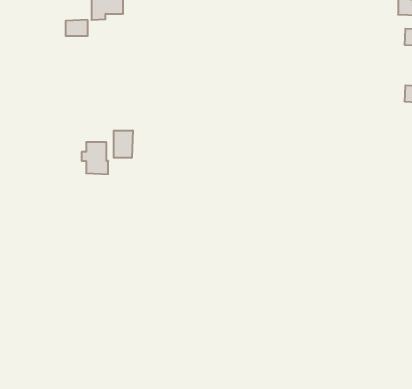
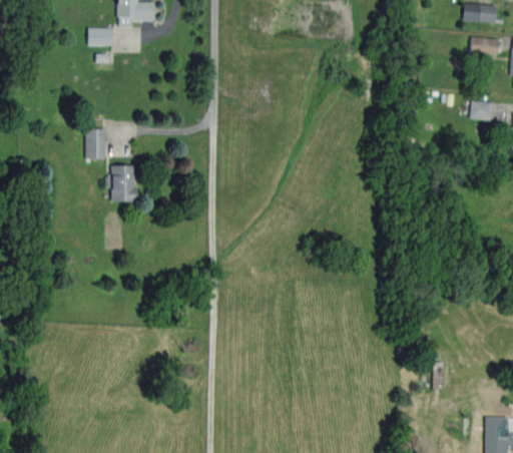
building: none -> [86,128,107,159]
building: [114,130,133,158] -> none

